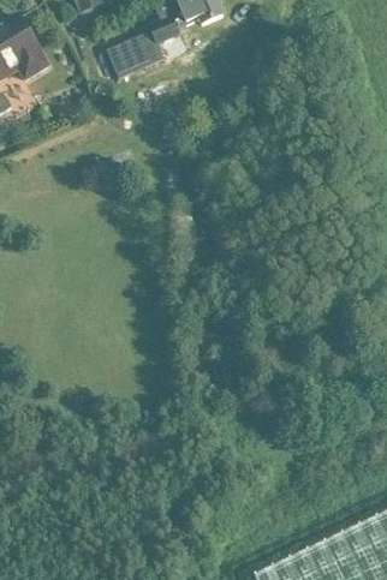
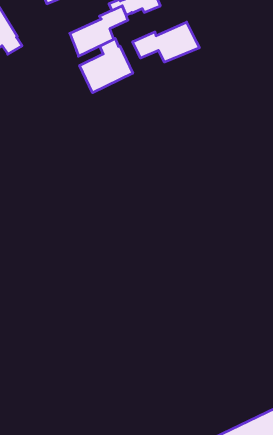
building: none -> [133,22,199,62]
building: none -> [80,38,133,93]

